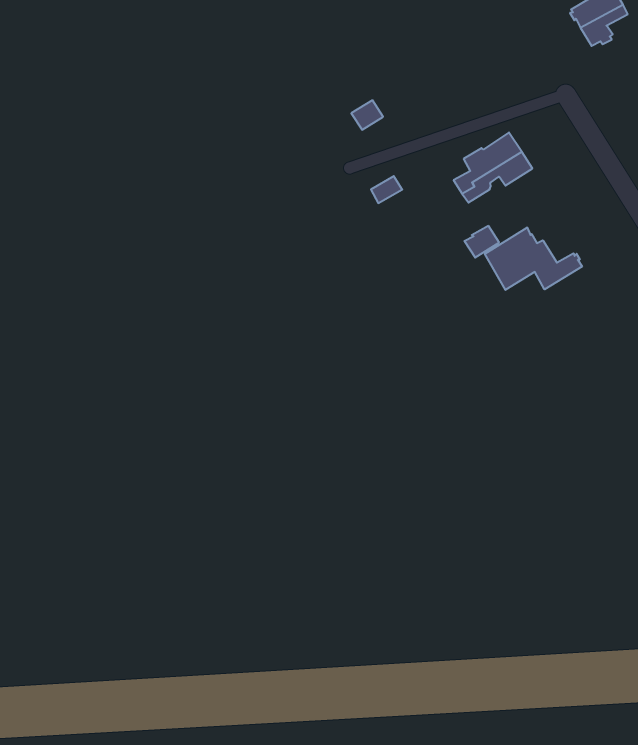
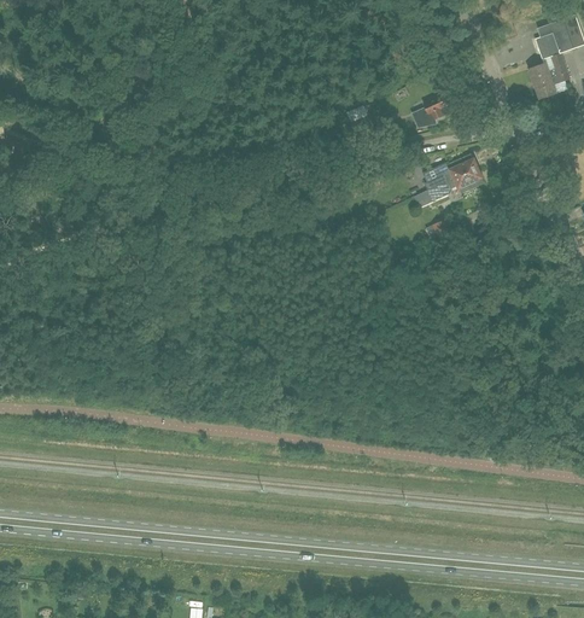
building: none -> [413,94,450,128]
building: [485,227,582,290] -> none

